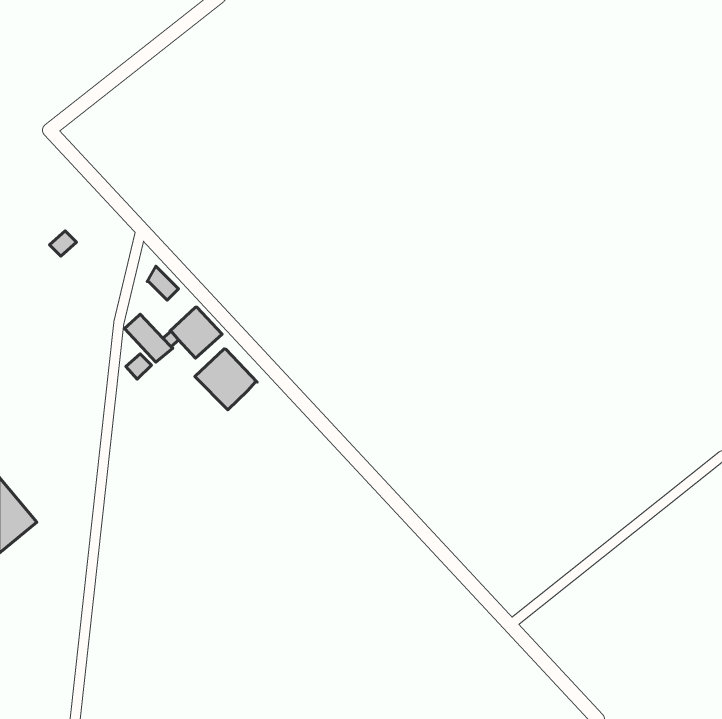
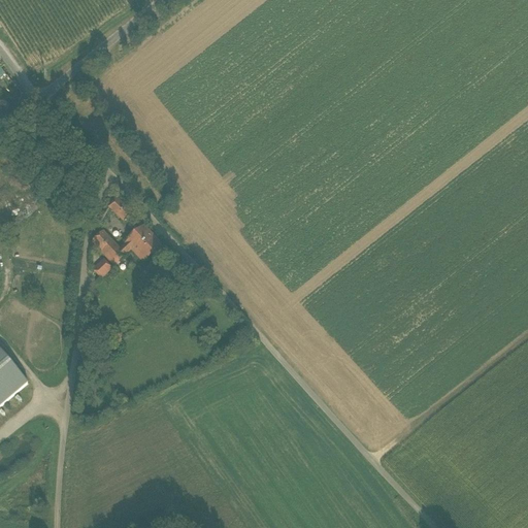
building: [195,349,257,410] -> none

